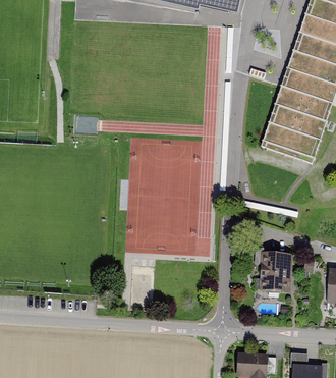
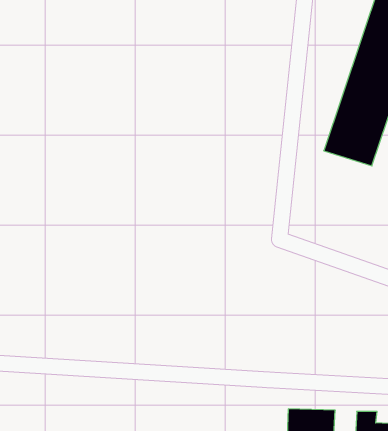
building: [257,252,290,292] -> none

